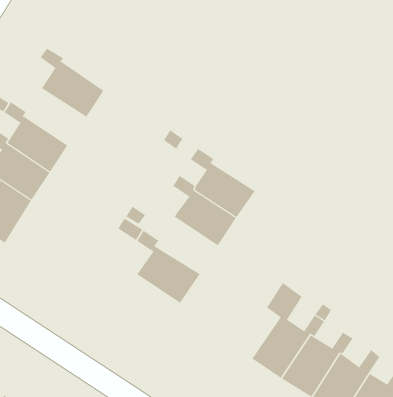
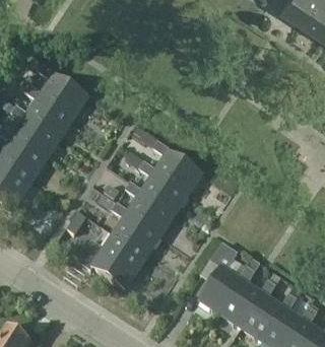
building: none -> [24,84,74,138]
building: none -> [125,181,174,235]
building: none -> [77,235,145,288]

